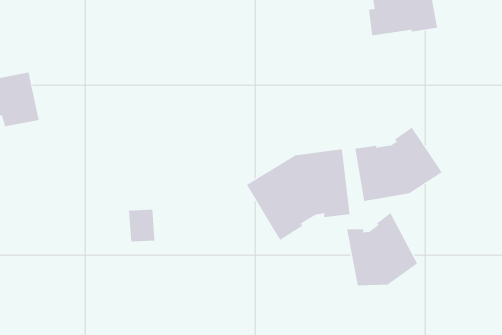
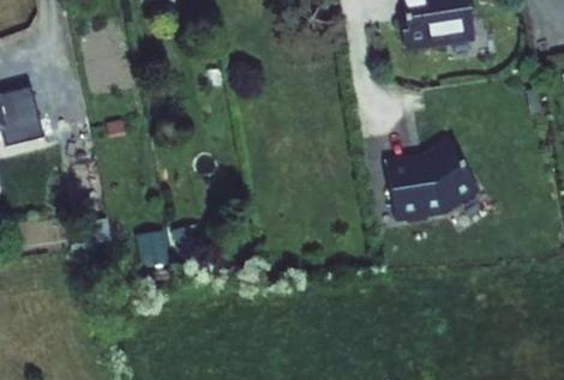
building: [246,149,350,241] -> none
building: [346,212,418,286] -> none

